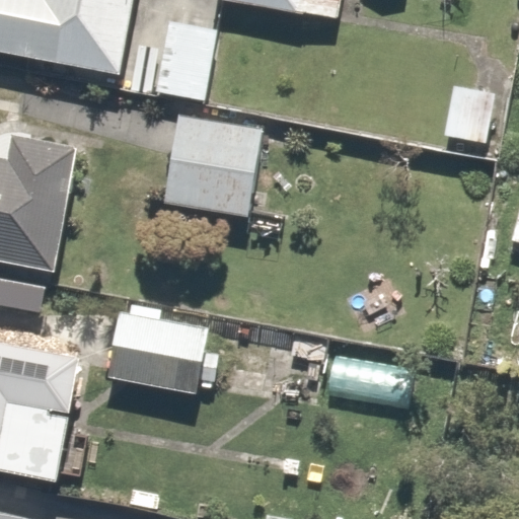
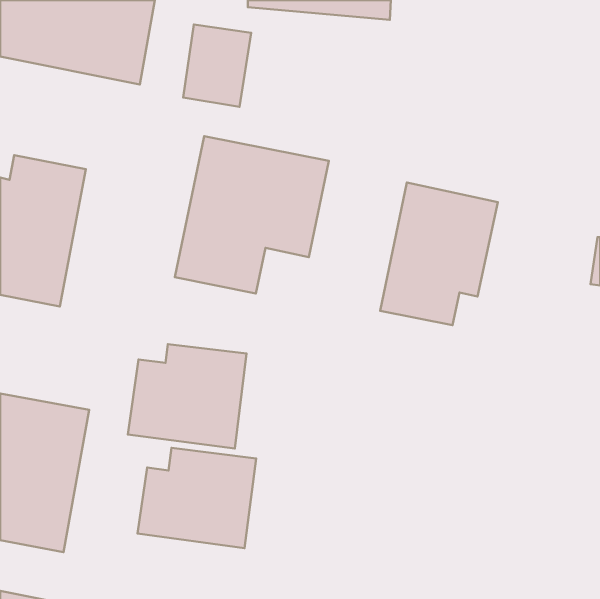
building: none -> [380,182,498,325]
building: none -> [137,448,256,548]

